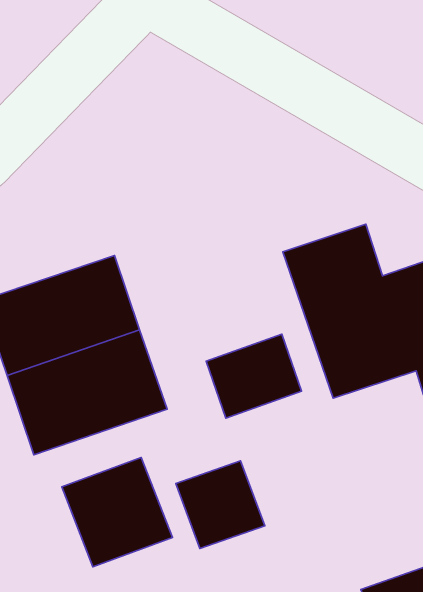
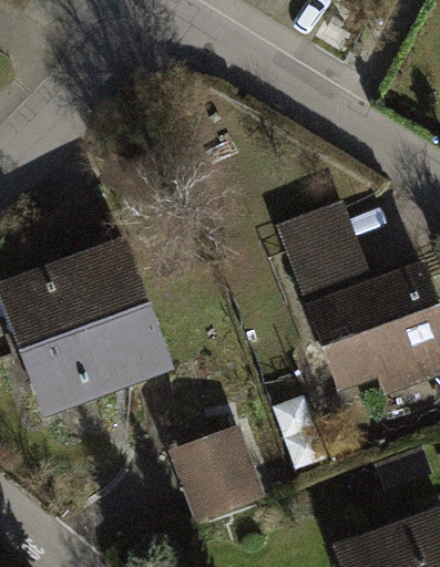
building: [206,334,302,418] -> none
building: [62,457,172,567] -> none

